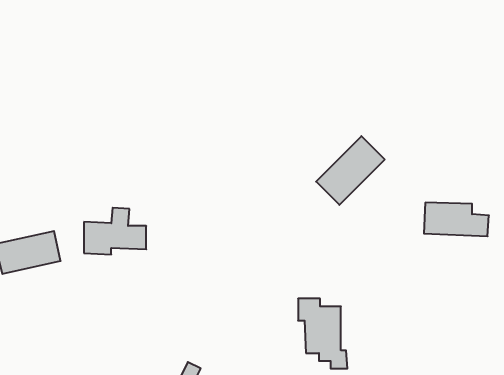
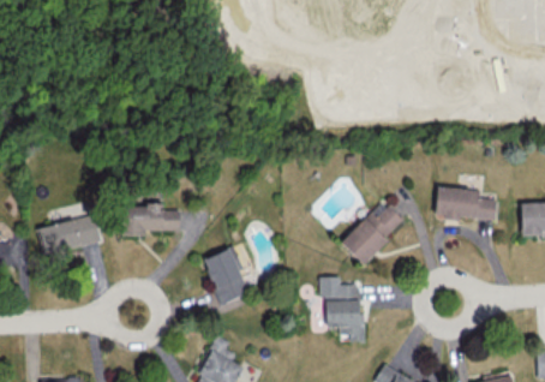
building: [316,136,385,205] -> [341,201,405,264]
building: none -> [203,247,250,305]

